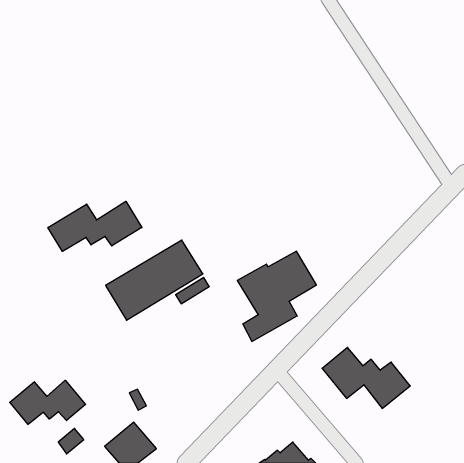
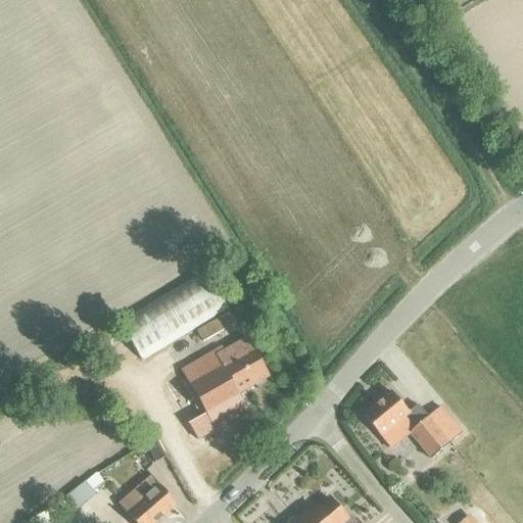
building: [48,201,142,251] -> none
building: [237,251,316,341] -> [181,337,270,438]
building: [10,380,86,424] -> none

